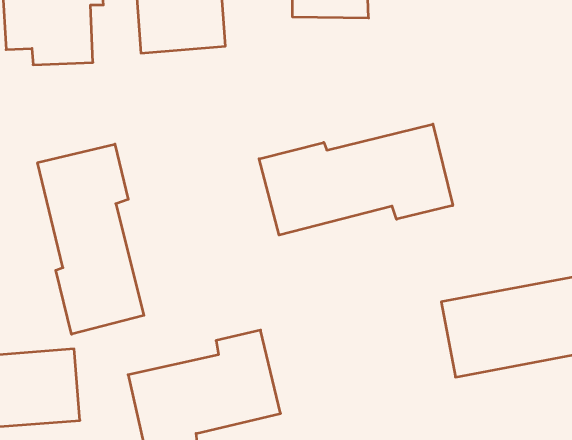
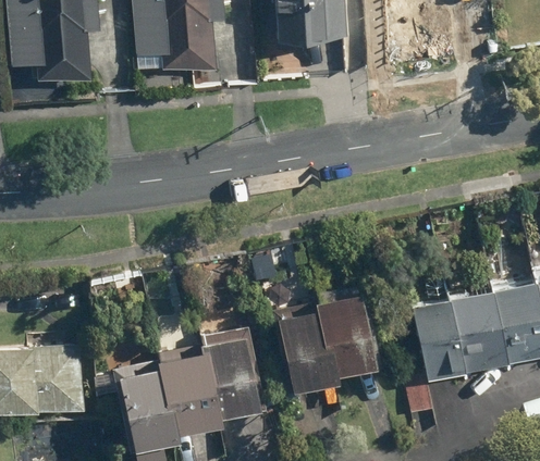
building: [259,124,453,235] -> none
building: [38,144,144,334] -> none
building: none -> [280,287,383,385]

